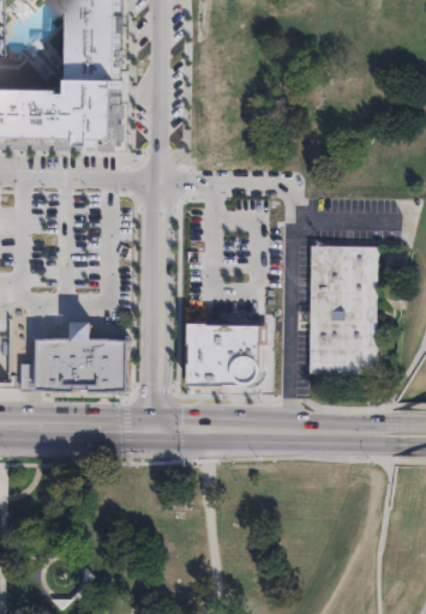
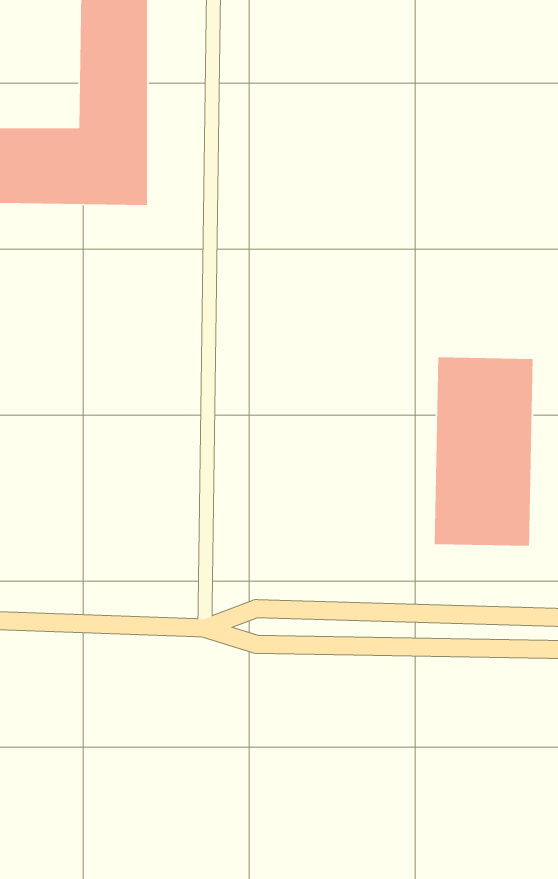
building: [19,321,126,390] -> none
building: [188,321,262,386] -> none

